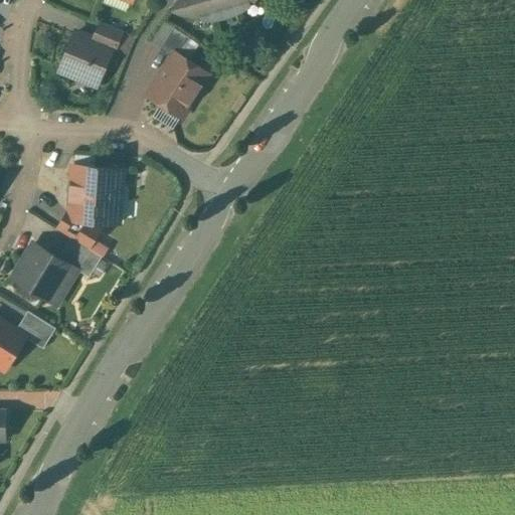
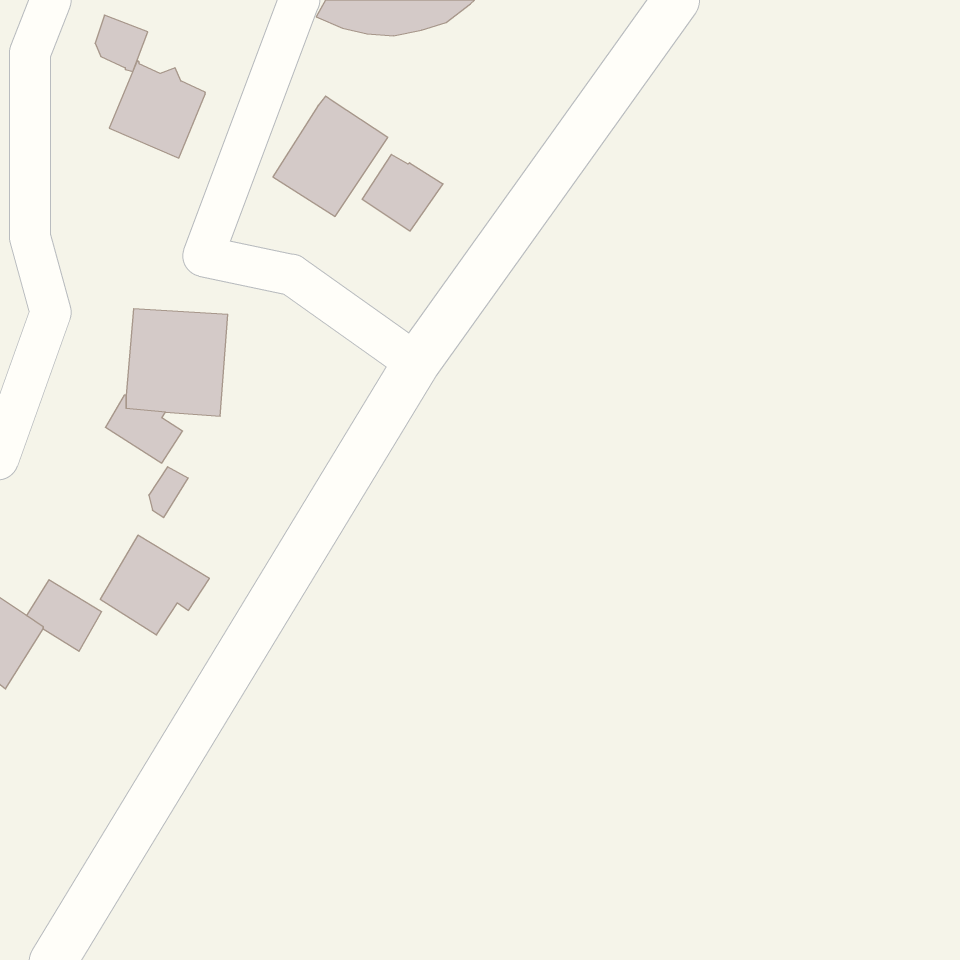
building: [94,22,122,52] -> [95,15,148,72]
building: [158,27,189,57] -> none
building: none -> [362,154,443,231]
building: [12,243,70,297] -> [100,535,209,635]

